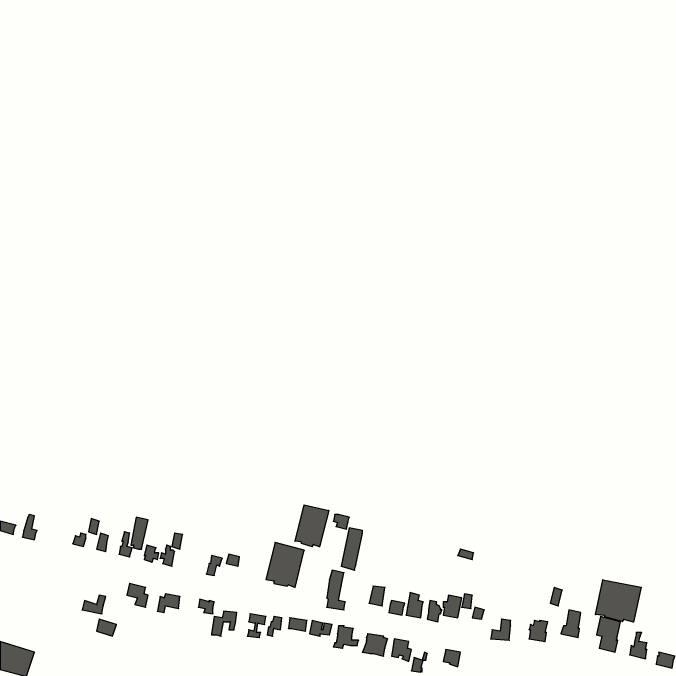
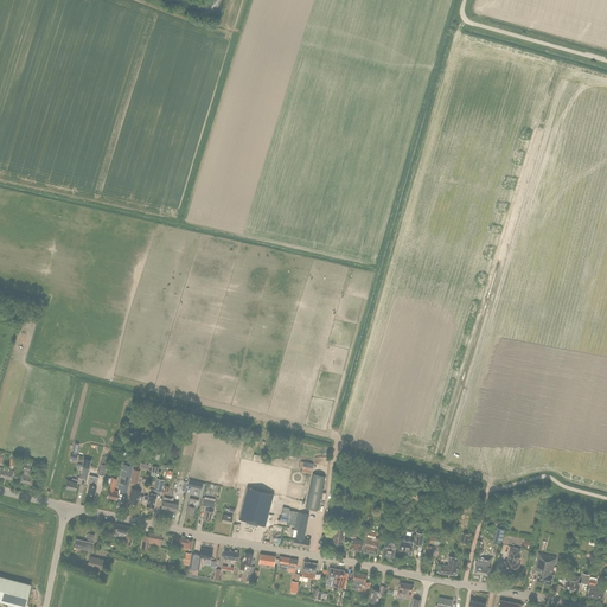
building: [295,505,329,547] -> none
building: [595,580,641,622] -> none

